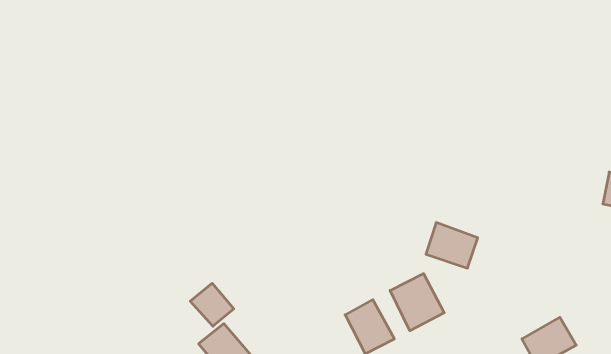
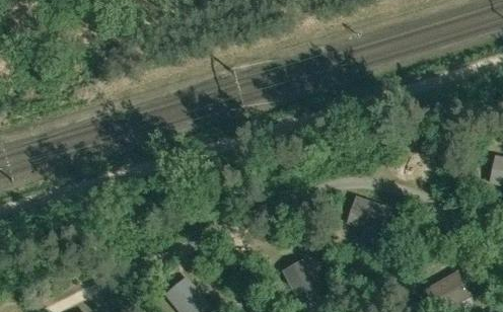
building: [390,274,444,331] -> none
building: [190,283,234,326] -> none

